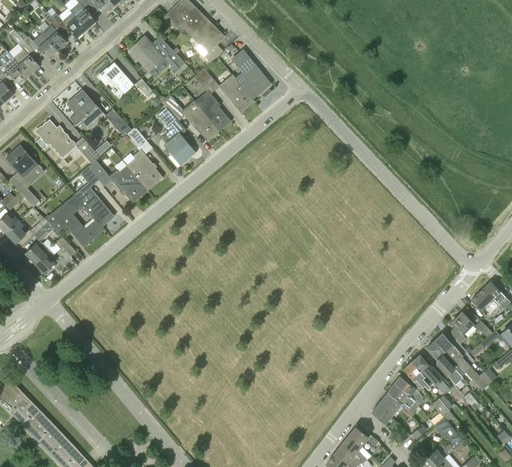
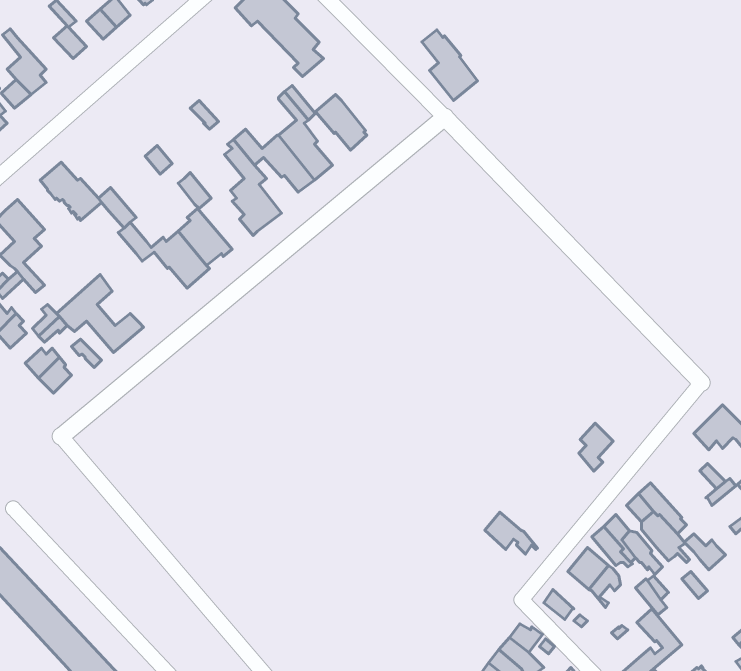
building: [20,32,57,58] -> none
building: [129,36,173,71] -> none
building: [231,51,268,98] -> [422,30,477,100]
building: [98,62,134,93] -> none
building: [67,90,103,127] -> none
building: [75,166,113,226] -> none
building: [450,312,473,344] -> [579,423,613,471]
building: [377,392,412,420] -> [485,512,537,554]

